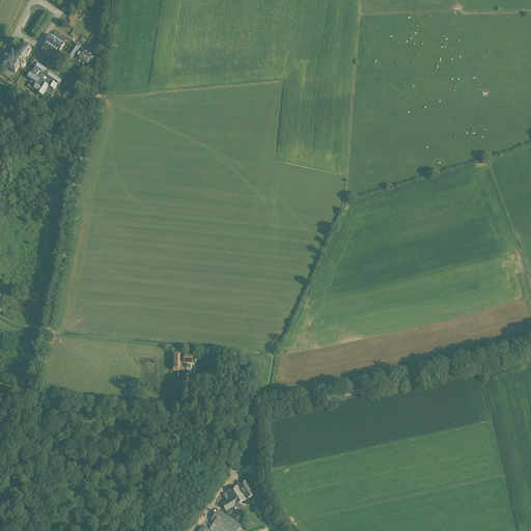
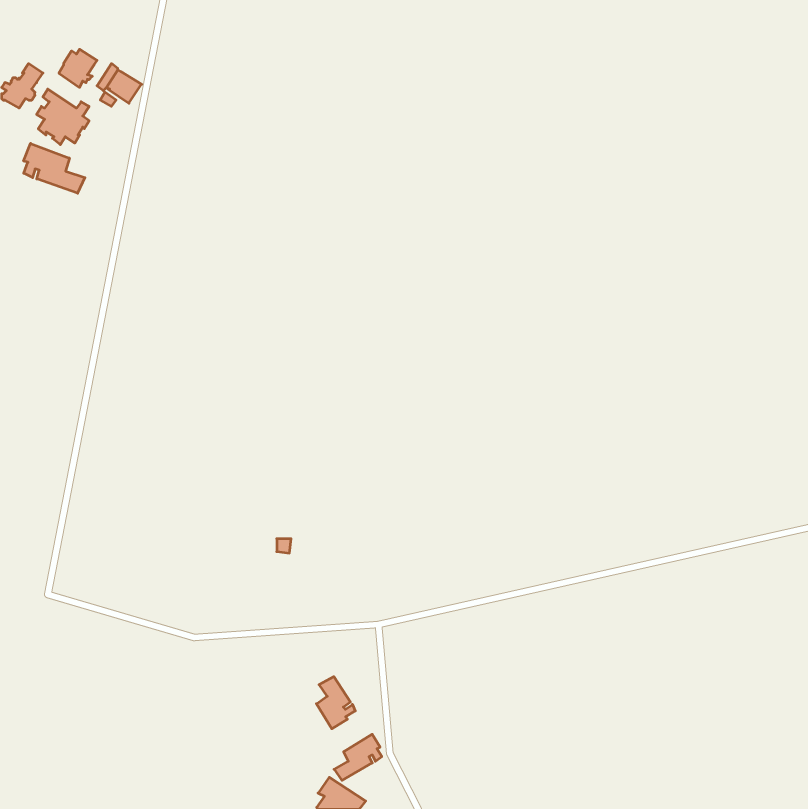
building: none -> [24,143,85,193]
building: none -> [316,677,355,729]

